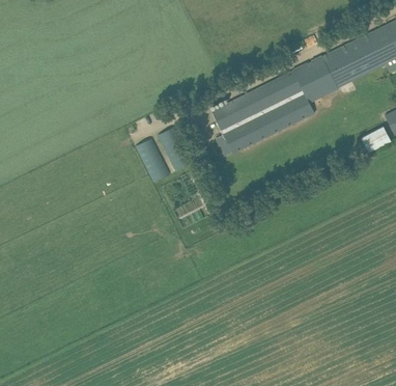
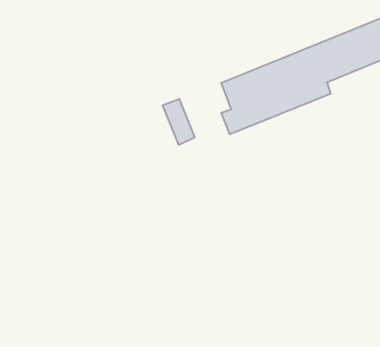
building: [136,138,169,181] -> none

